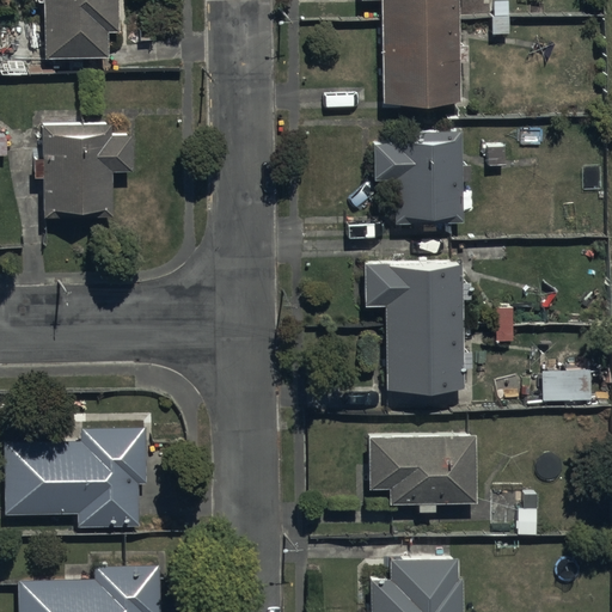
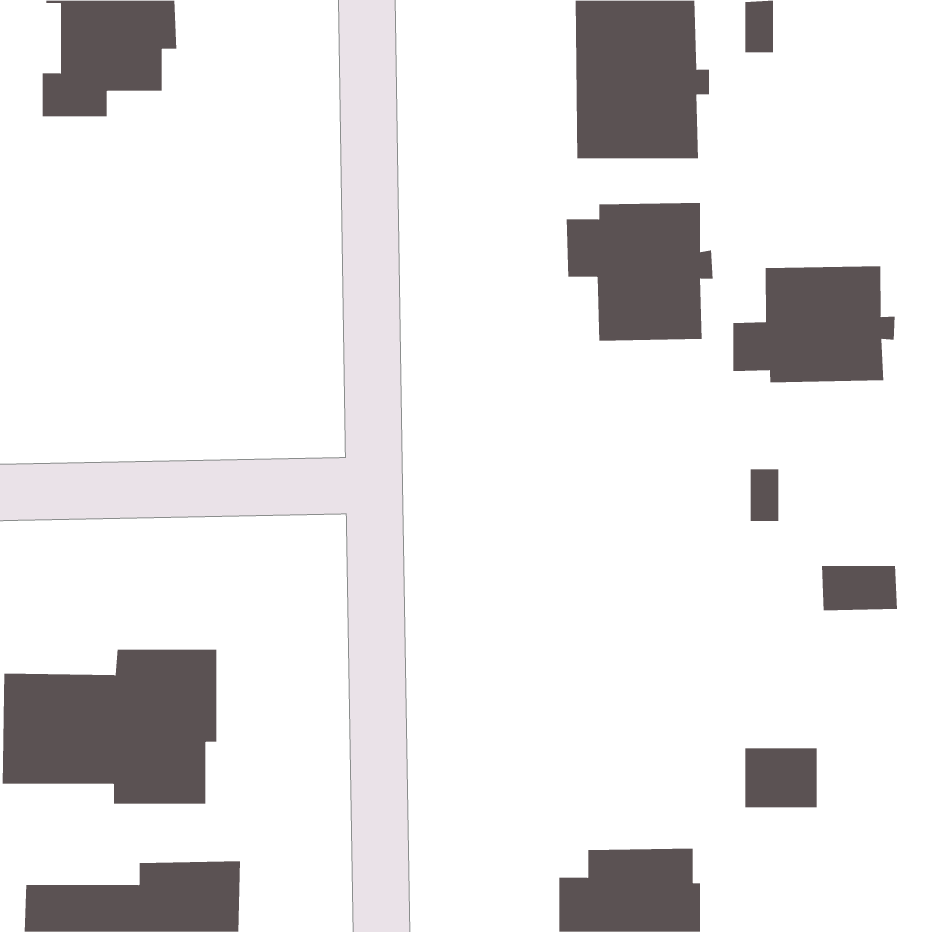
building: [42,122,133,218] -> none
building: none -> [733,266,895,383]
building: [362,263,471,391] -> none
building: [369,434,485,521] -> none

